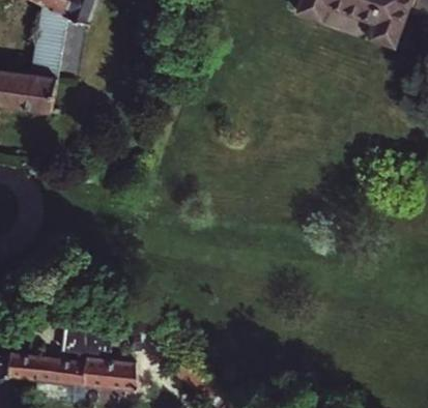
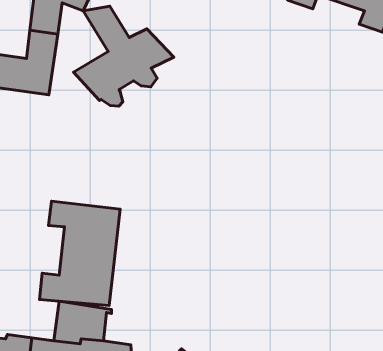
building: none -> [73,6,174,106]
building: none -> [39,201,120,306]

